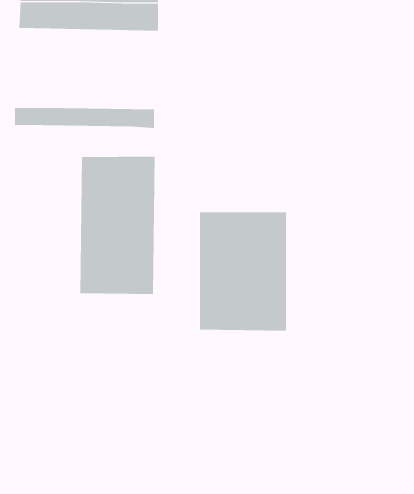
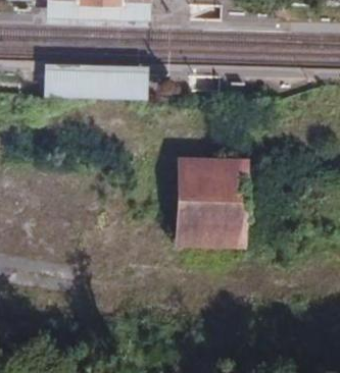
building: [80,156,155,295] -> none

